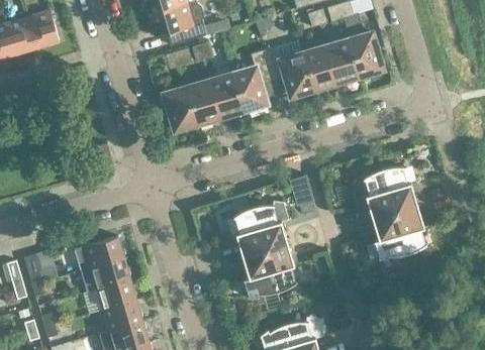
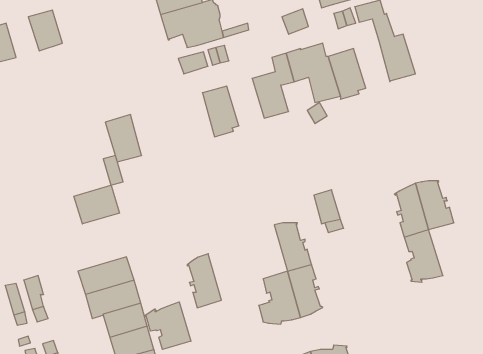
building: [7,16,37,53] -> none
building: [325,38,361,83] -> none
building: [209,73,245,117] -> none
building: [164,86,197,129] -> [105,115,142,162]
building: none -> [74,185,119,224]
building: [394,205,426,253] -> none
building: [233,207,265,256] -> [187,254,221,308]
building: none -> [144,302,191,349]

